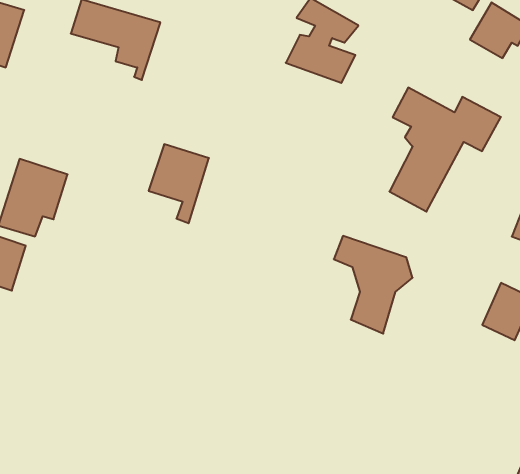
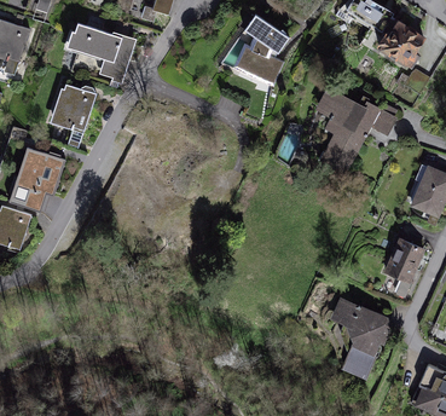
building: [149,144,209,223] -> [50,80,97,141]
building: [334,236,413,334] -> [331,302,393,379]

